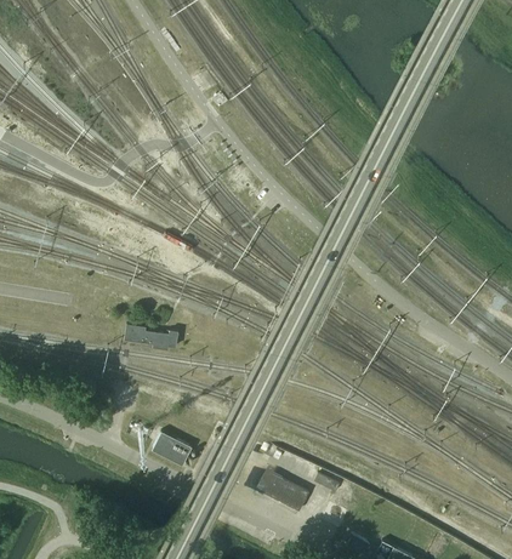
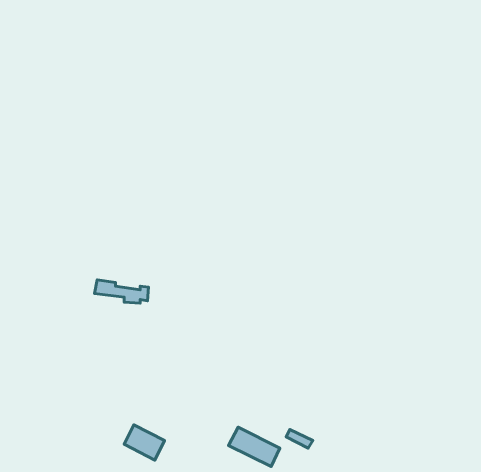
building: [152,430,192,466] -> [124,425,165,460]

